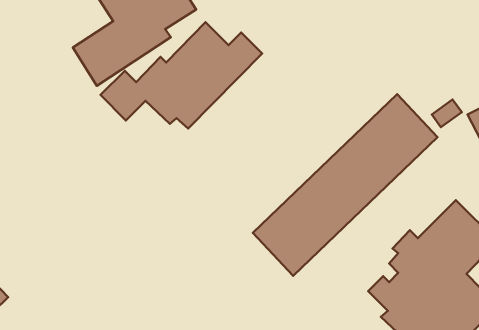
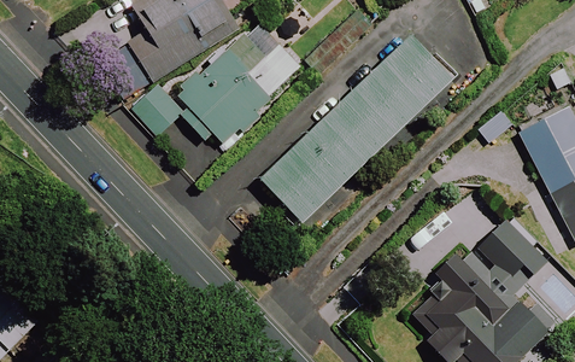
building: [253,94,437,276] -> [262,35,454,224]

